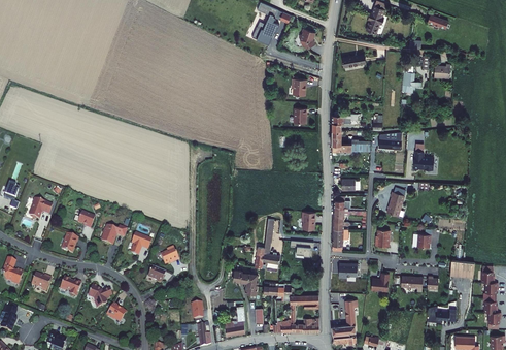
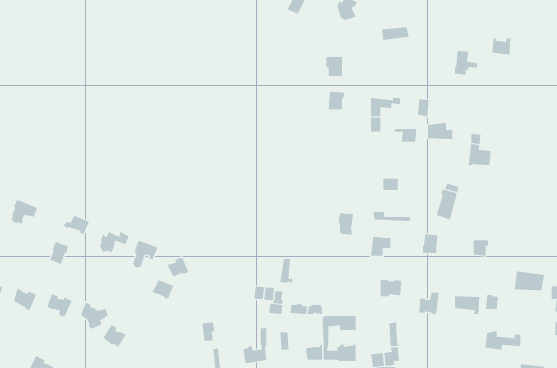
building: [263,218,279,266] -> none

